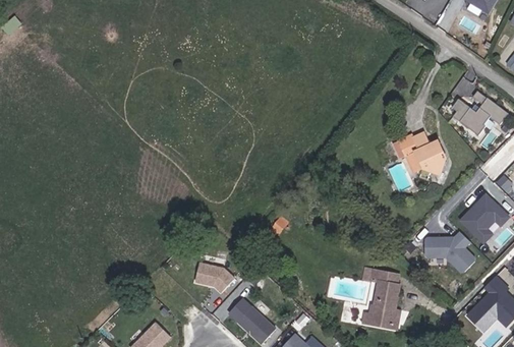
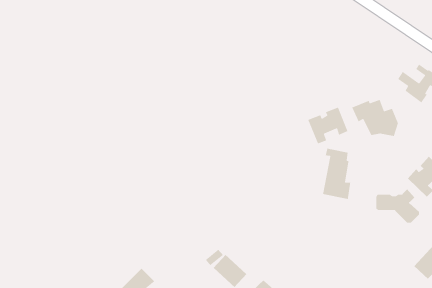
building: none -> [307,107,349,144]
building: [199,263,239,292] -> none
building: [372,269,404,328] -> [322,148,351,200]

